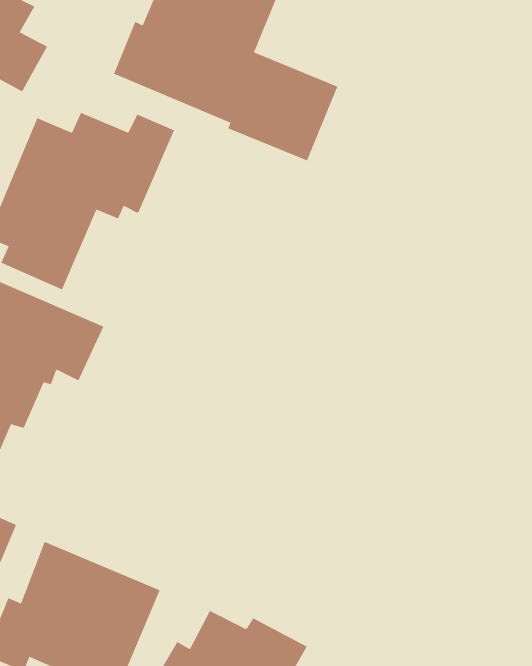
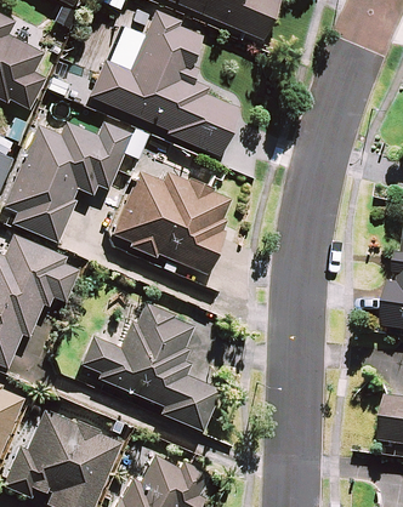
building: none -> [112,171,233,270]
building: none -> [78,301,218,429]

